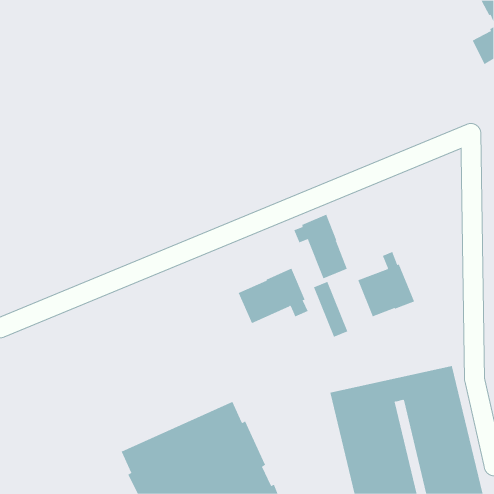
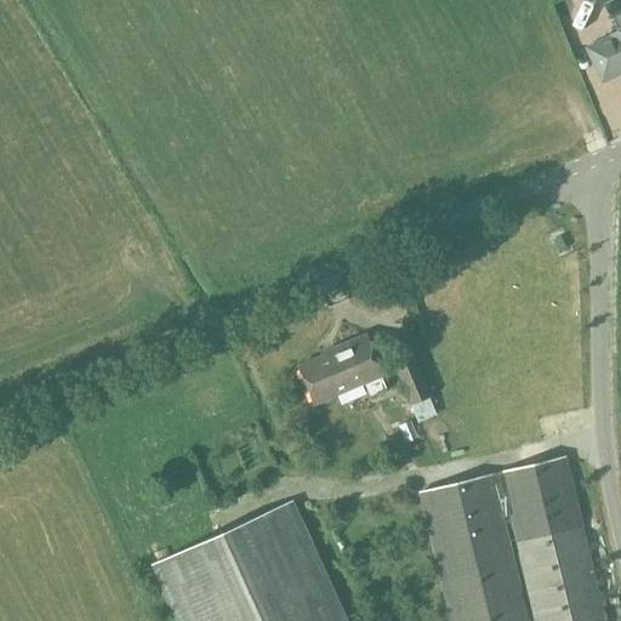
building: [294,214,348,279] -> none
building: [358,251,415,317] -> none

